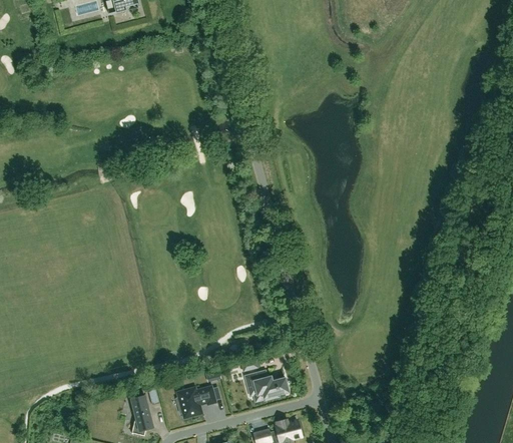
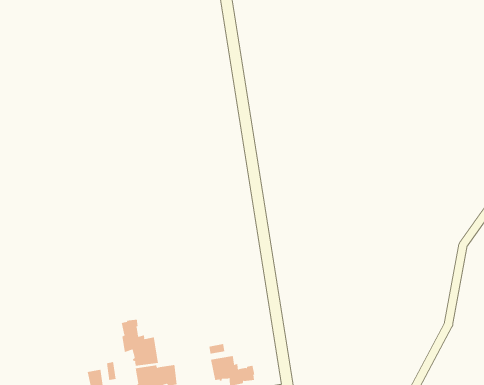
building: none -> [121,319,159,367]

